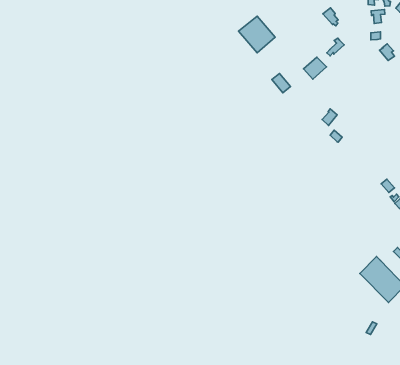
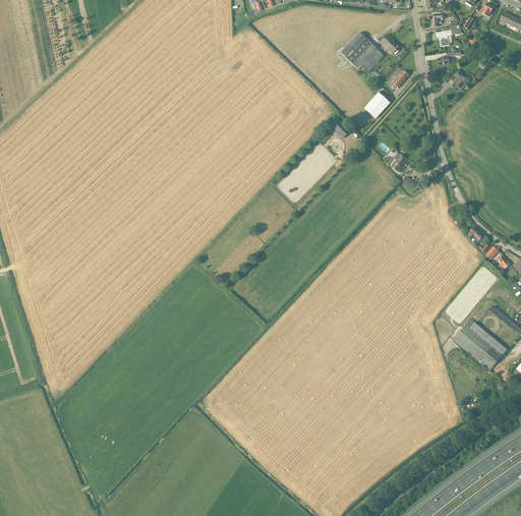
building: [238,16,275,53] -> [340,32,384,74]

